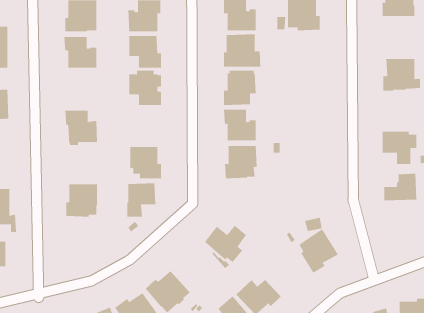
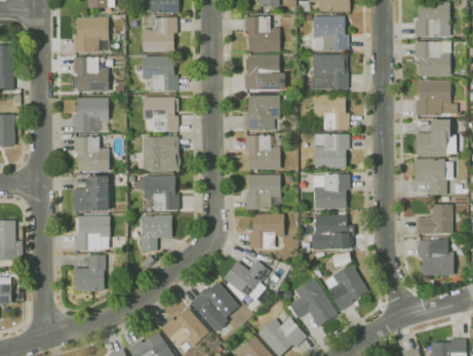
building: none -> [415,41,451,76]
building: none -> [311,54,348,89]
building: none -> [314,94,350,129]
building: none -> [74,97,109,132]
building: none -> [416,120,456,156]
building: none -> [314,134,349,168]
building: none -> [143,136,181,171]
building: none -> [313,174,350,208]
building: none -> [73,175,109,211]
building: none -> [312,212,350,249]
building: none -> [249,214,285,248]
building: none -> [419,237,454,275]
building: none -> [74,255,106,290]
building: none -> [286,278,338,326]
building: none -> [190,282,238,328]

